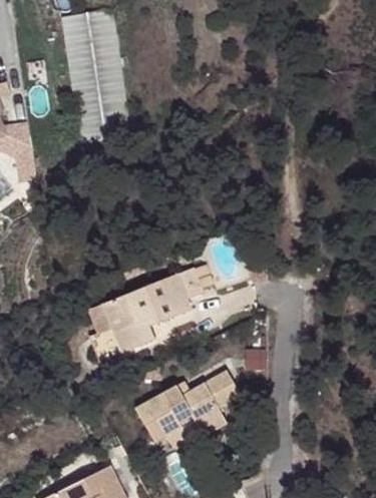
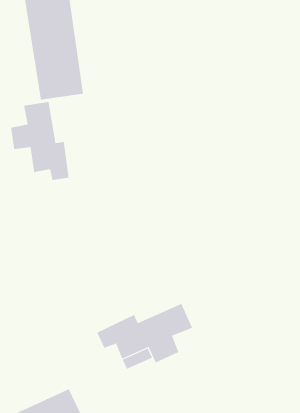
building: none -> [11,101,69,181]
building: [101,271,200,358] -> none

